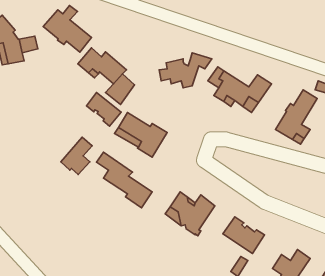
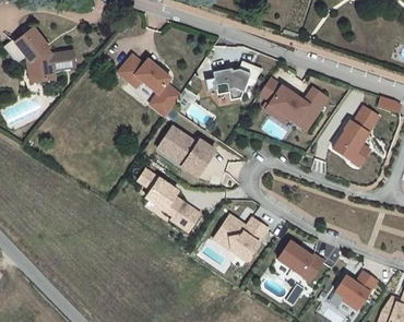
building: [43,6,91,52] -> none
building: [86,92,121,126] -> none
building: [61,137,92,175] -> none

